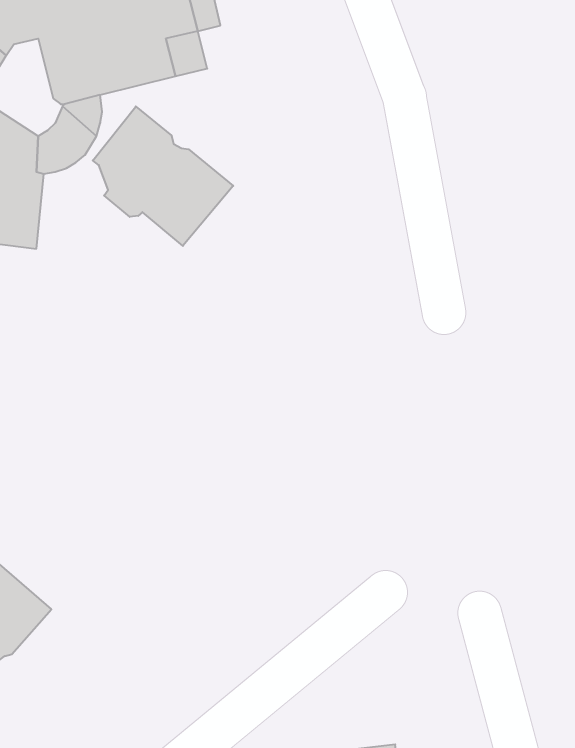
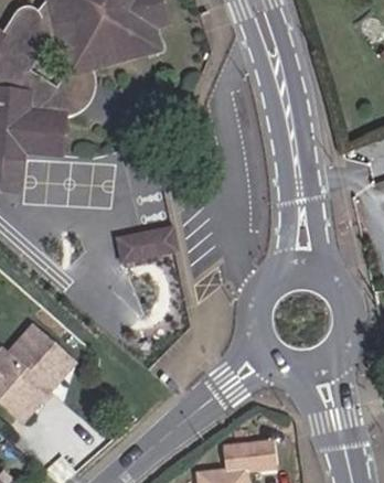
building: [93,106,233,246] -> none
building: none -> [113,225,175,262]

